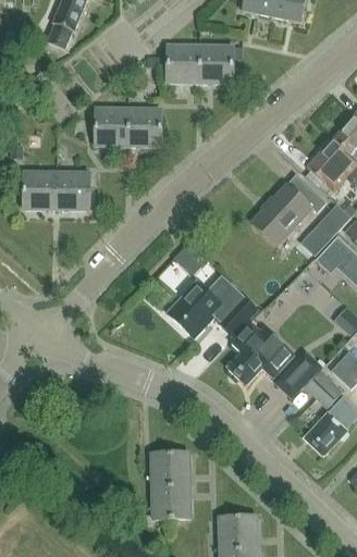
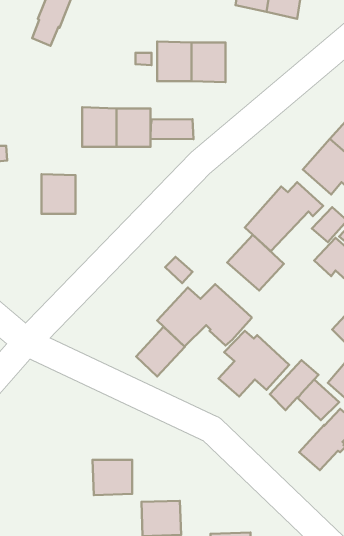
building: none -> [150,119,194,139]
building: [23,171,56,209] -> none
building: none -> [227,235,284,290]
building: none -> [136,327,185,376]
building: [150,451,188,485] -> [93,460,132,495]

